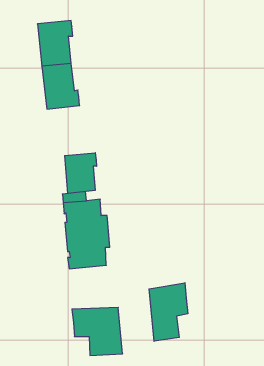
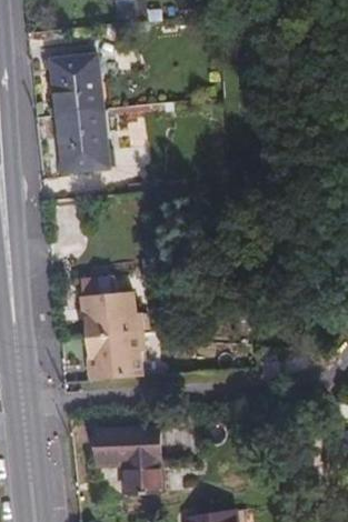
building: [65,153,97,193] -> none
building: [149,283,188,341] -> none

